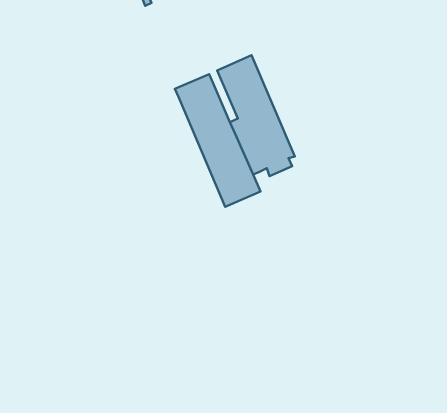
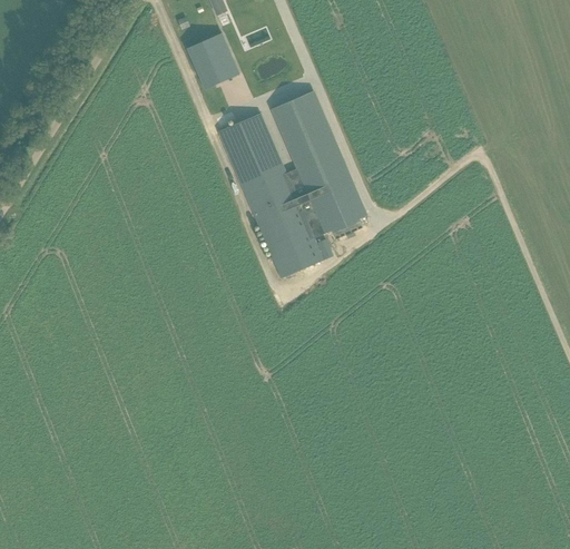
building: none -> [186,31,239,88]

